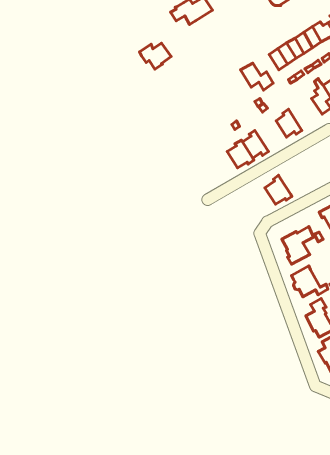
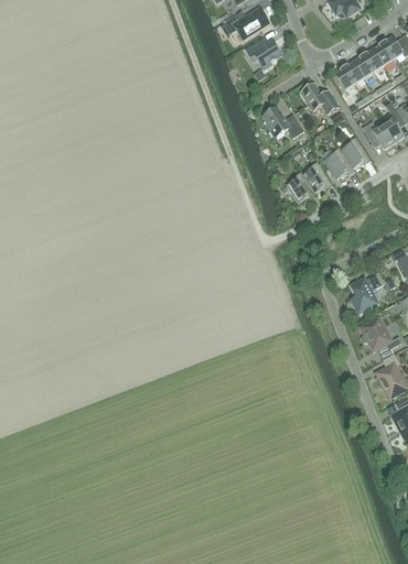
building: [139,43,171,69] -> [246,39,282,68]
building: none -> [264,106,304,137]
building: none -> [363,119,395,148]
building: [265,175,292,204] -> [324,145,355,178]

